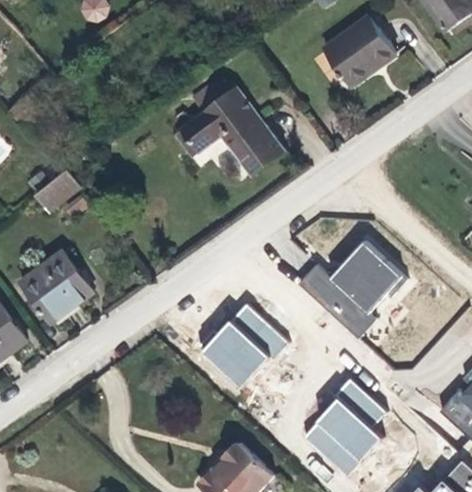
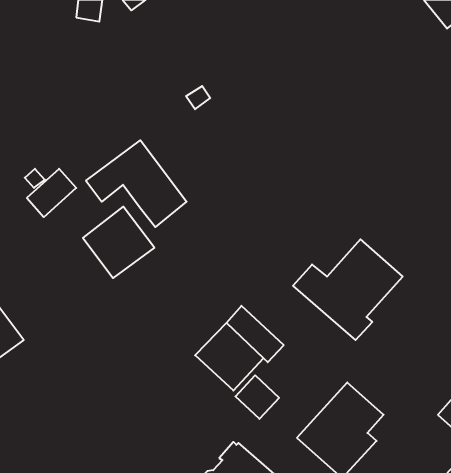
building: [326,17,396,84] -> none
building: [185,87,285,173] -> [86,140,187,227]
building: [22,249,93,320] -> [83,207,154,278]
building: none -> [235,375,279,419]

